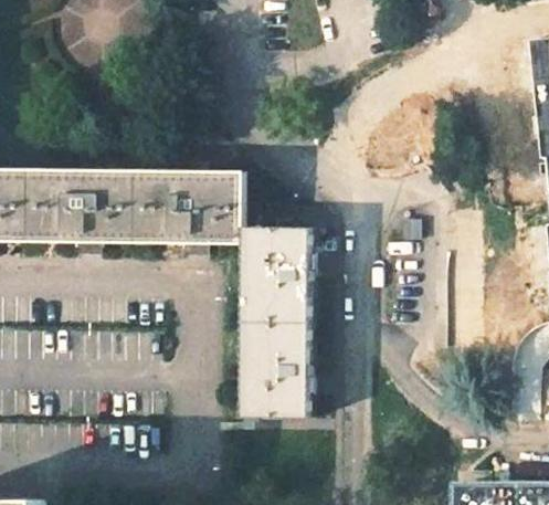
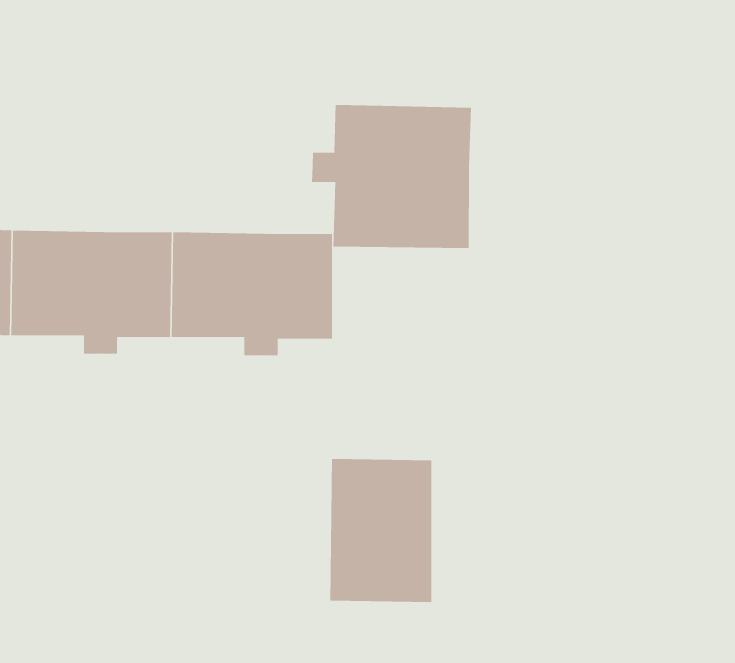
building: none -> [312,104,471,249]
building: [246,225,316,323] -> none

